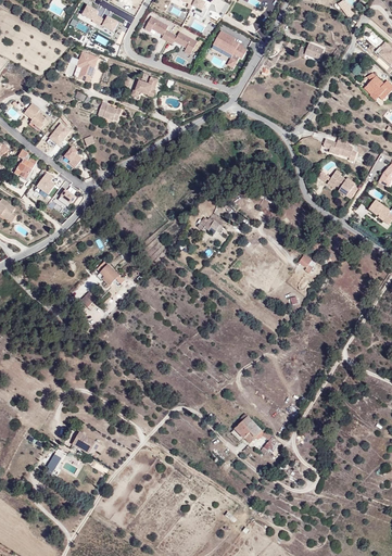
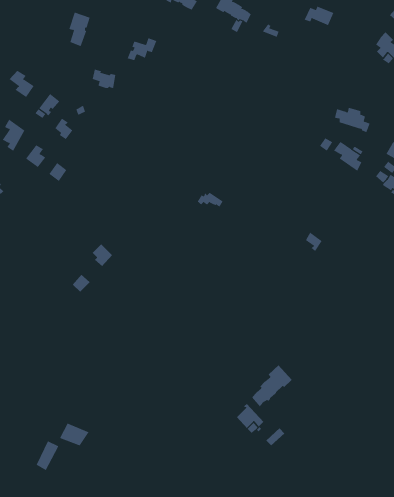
building: none -> [252,364,293,407]

